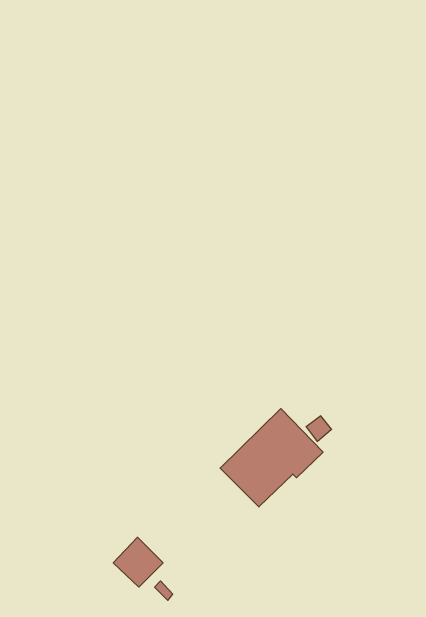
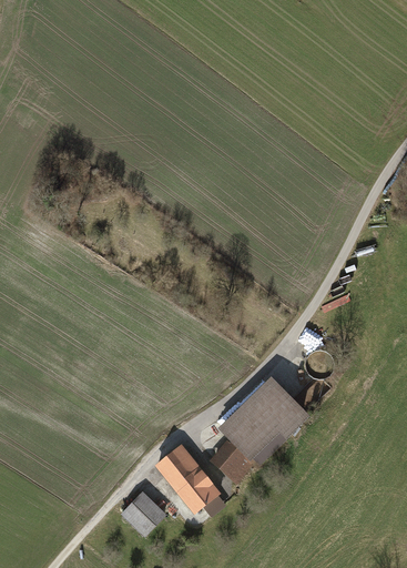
building: none -> [210,440,253,484]
building: none -> [154,446,220,515]

